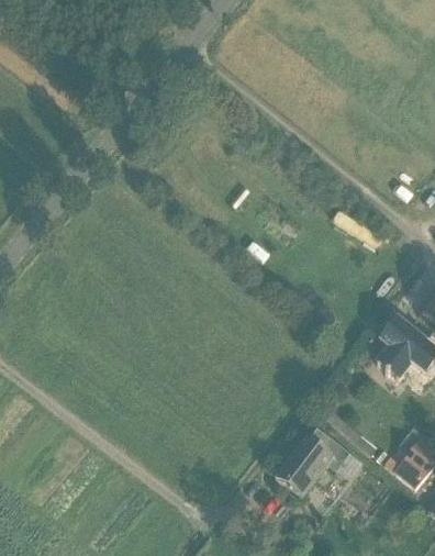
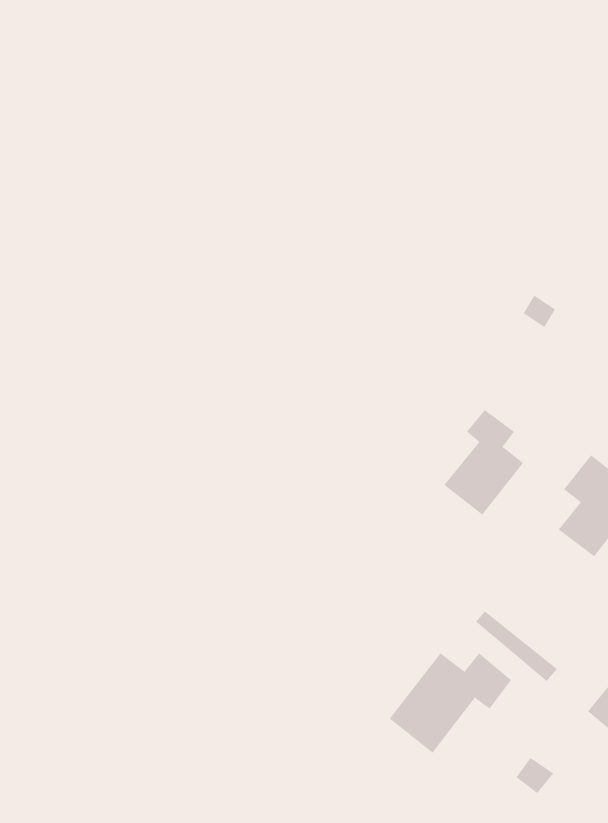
building: none -> [444,409,524,515]

